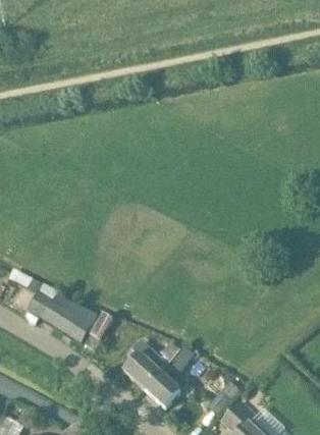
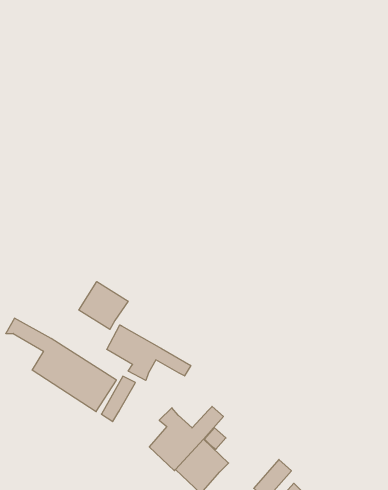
building: none -> [79,282,128,329]
building: none -> [107,325,191,380]

